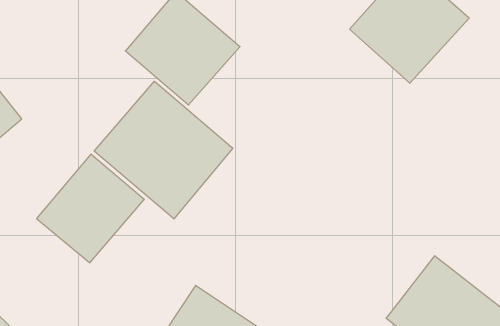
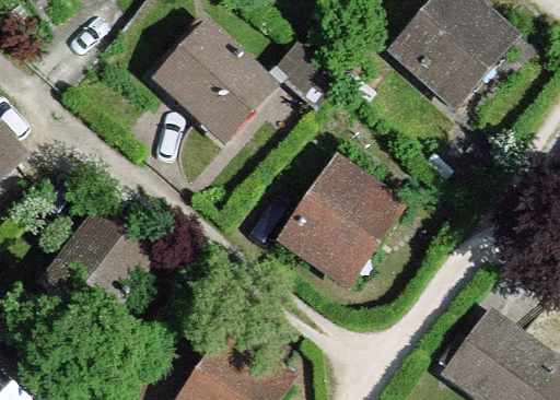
building: [94,81,233,219] -> none
building: none -> [278,154,407,291]

